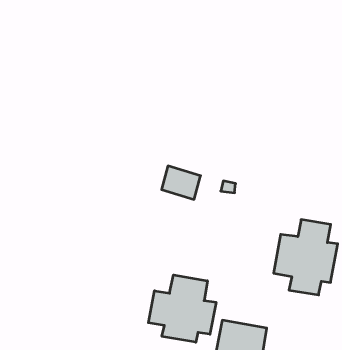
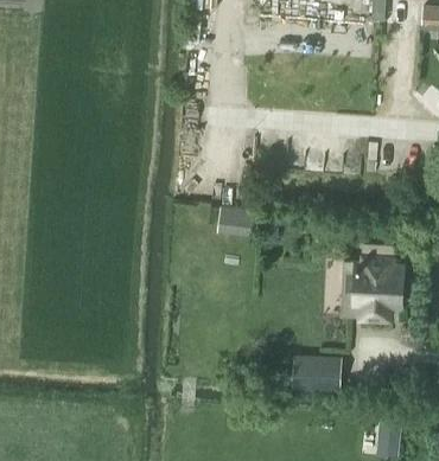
building: [148,275,216,342] -> none

